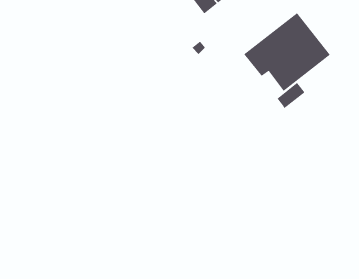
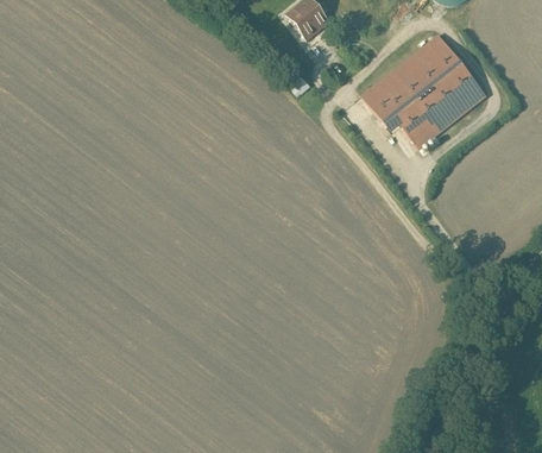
building: [277,82,305,109] -> none

